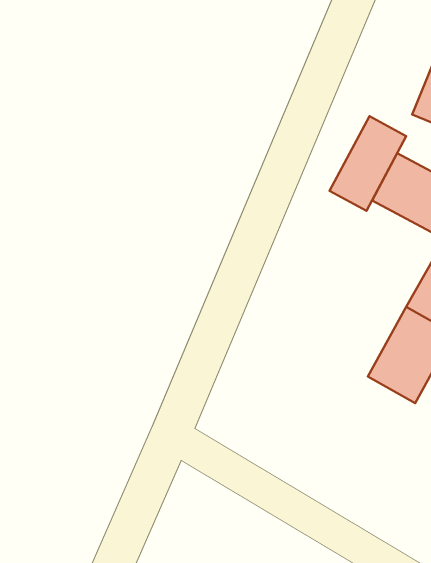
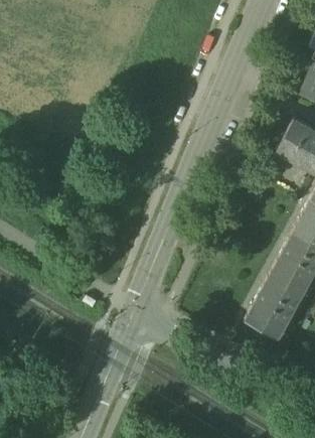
building: [330,116,406,211] -> none
building: none -> [246,272,304,337]

